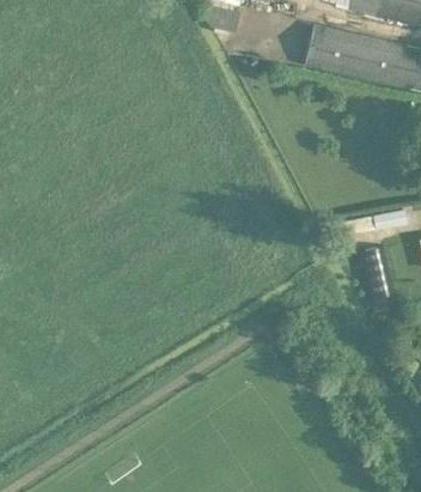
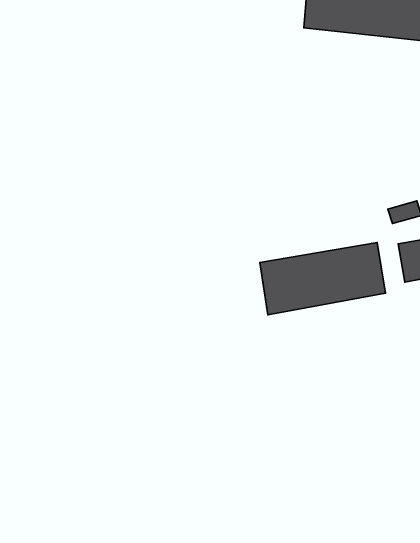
building: none -> [260,242,385,315]

